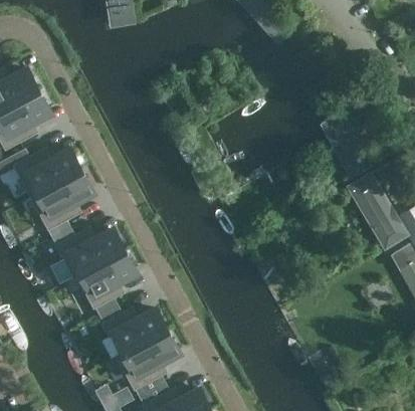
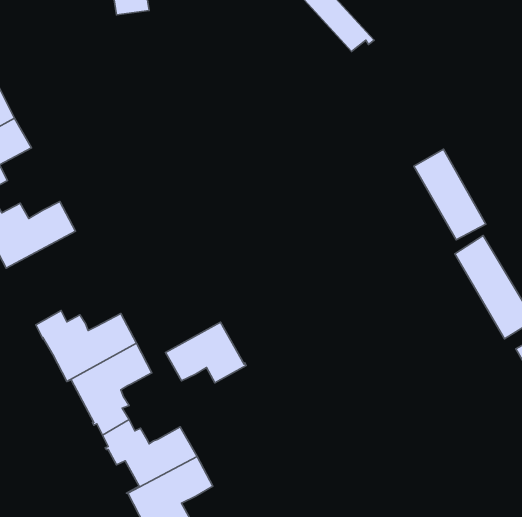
building: [31,171,91,237] -> none
building: none -> [166,322,246,383]

